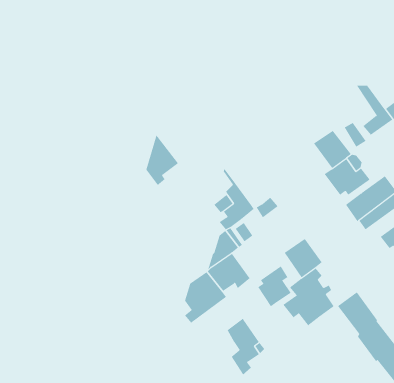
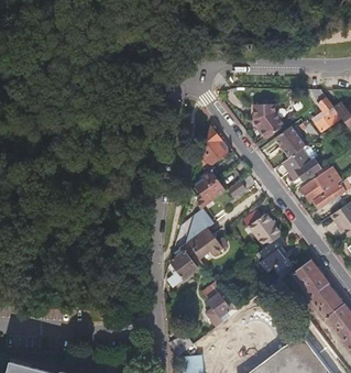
building: none -> [251,103,285,139]
building: [146,134,179,186] -> [201,128,229,171]
building: [258,266,292,307] -> none

